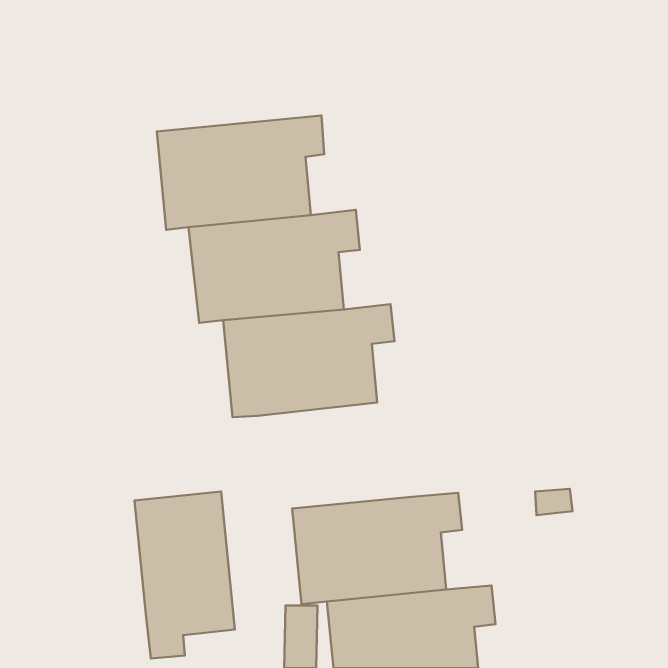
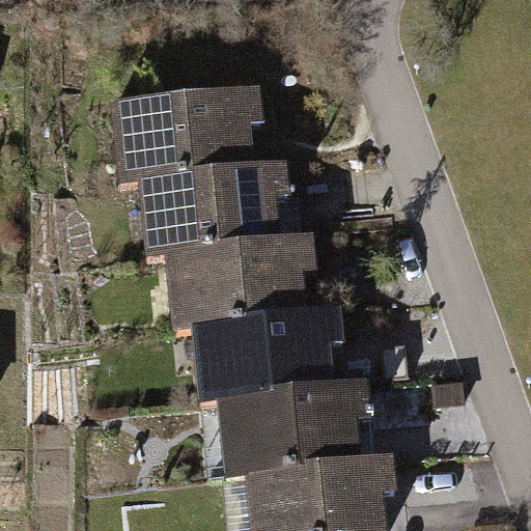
building: none -> [201,311,333,399]
building: [135,492,235,658] -> none

